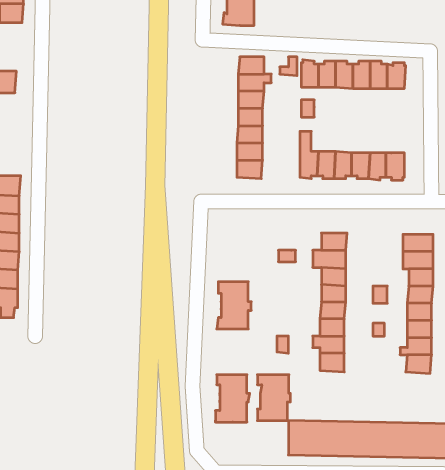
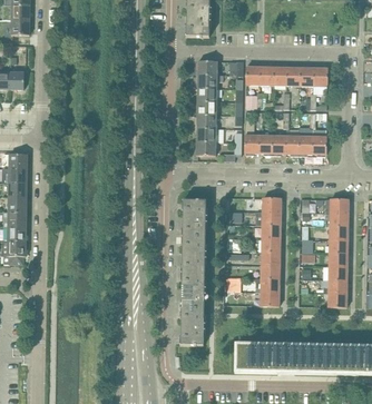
building: none -> [182,200,207,236]
building: [257,375,290,421] -> [180,273,206,308]

